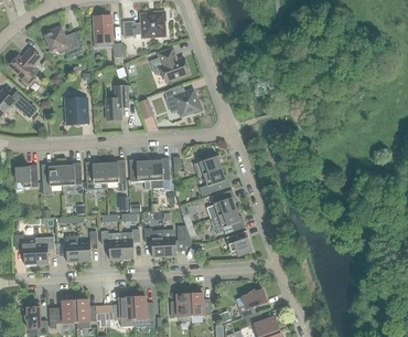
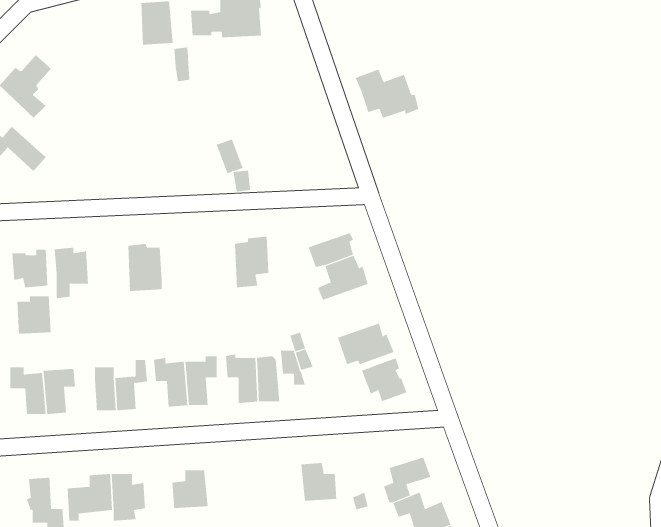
building: [44,27,84,57] -> none
building: [149,48,189,82] -> none
building: [105,85,129,120] -> none
building: [163,86,202,116] -> [355,69,419,118]
building: [64,97,88,125] -> none
building: [129,159,151,189] -> none
building: [105,160,126,191] -> none
building: [61,162,82,186] -> [16,296,51,334]
building: [206,189,236,218] -> none
building: [170,294,191,322] -> none
building: [131,296,153,326] -> none

